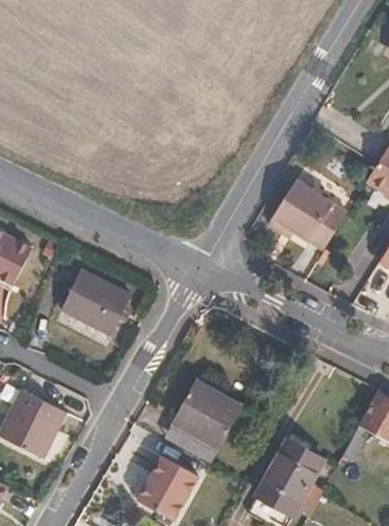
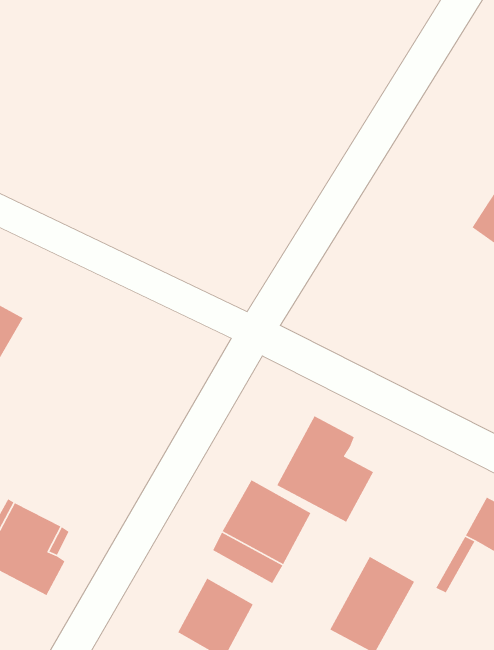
building: [269,180,349,252] -> none
building: [50,276,121,343] -> none
building: none -> [276,415,374,523]

